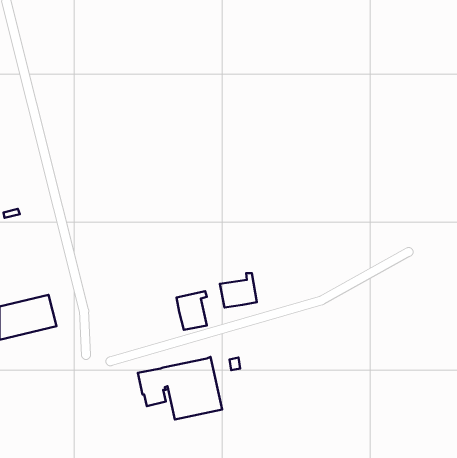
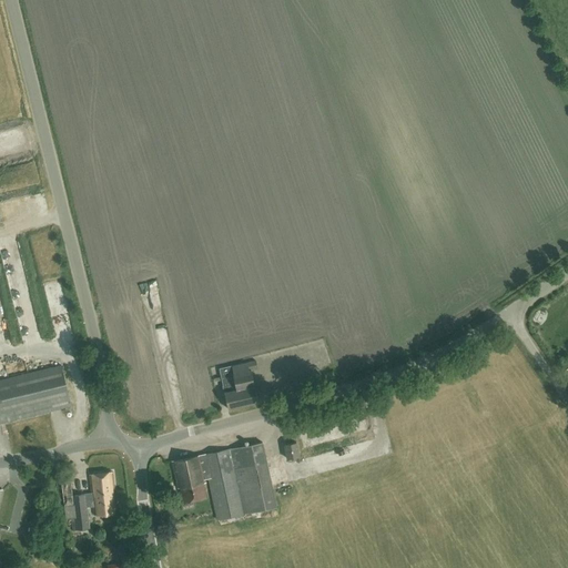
building: [220,273,257,307] -> none
building: none -> [60,471,115,530]

